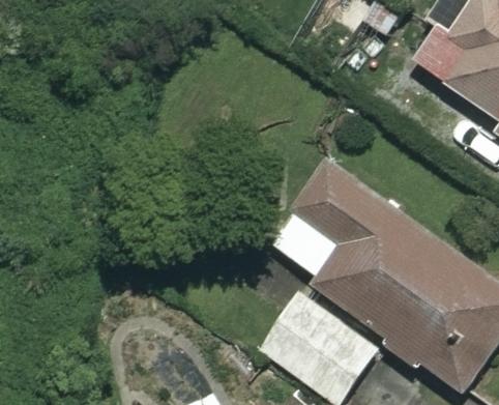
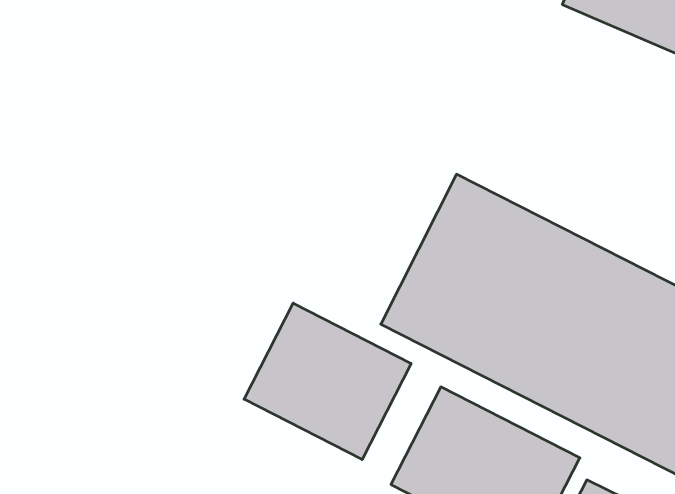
building: none -> [244,303,411,460]

